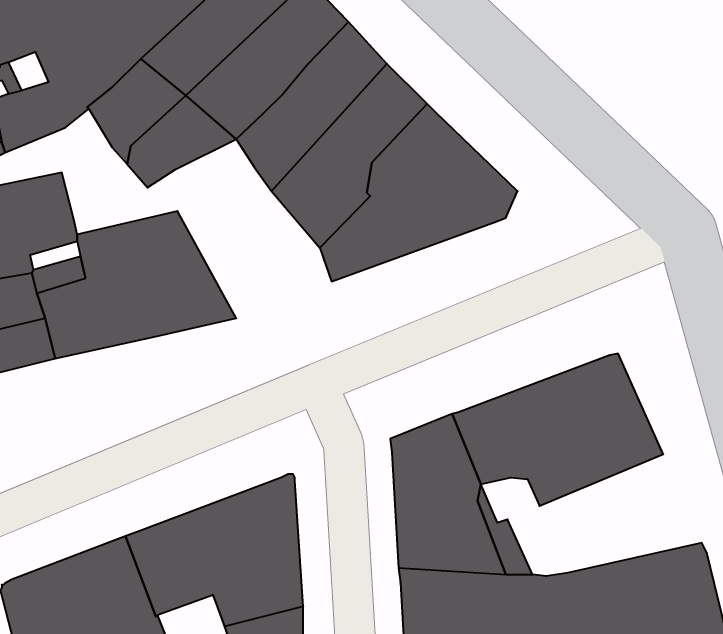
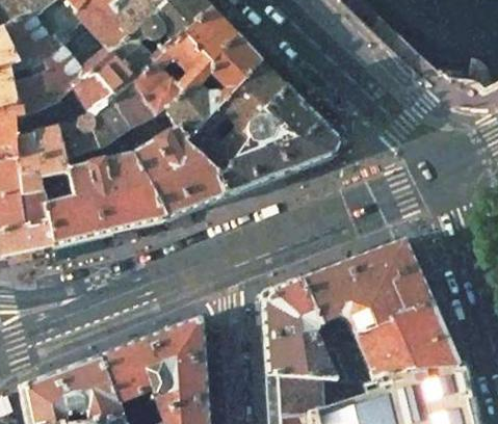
building: none -> [53,114,108,159]
building: none -> [127,127,222,220]
building: none -> [351,304,452,378]

